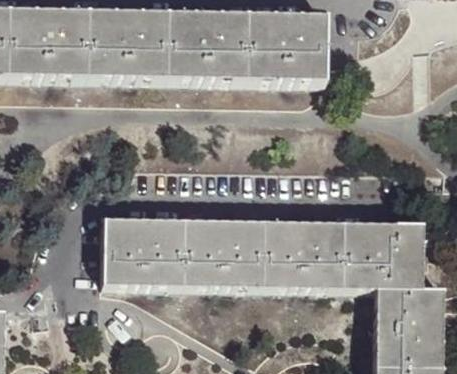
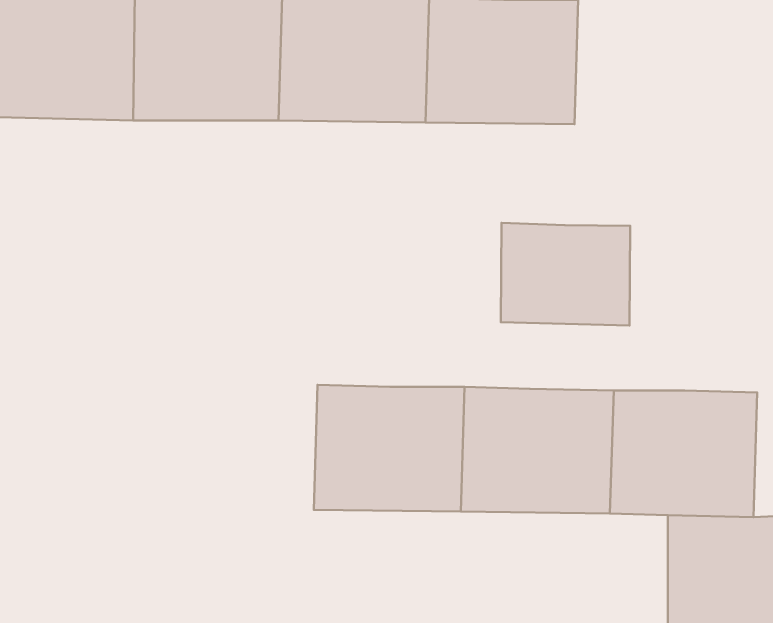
building: none -> [501,223,630,325]
building: [105,218,186,286] -> none

